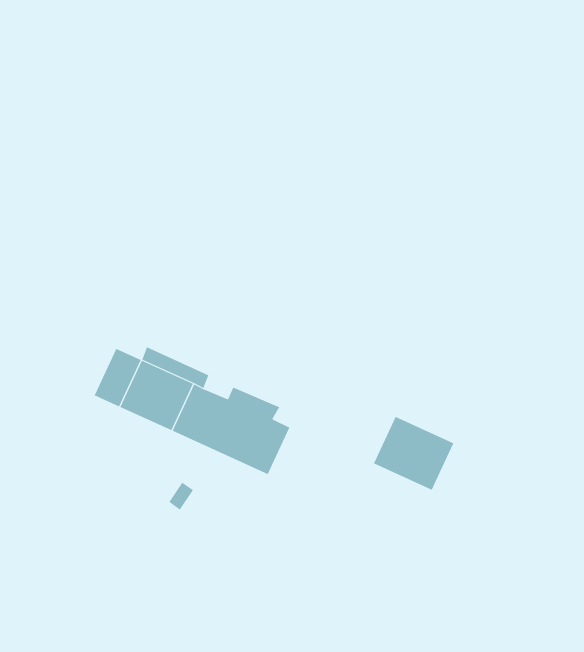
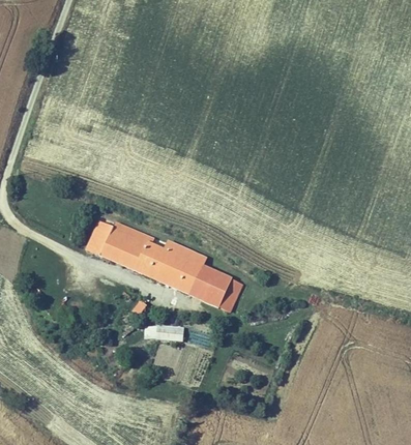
building: [373,416,454,490] -> [193,267,242,313]
building: none -> [154,326,185,343]

